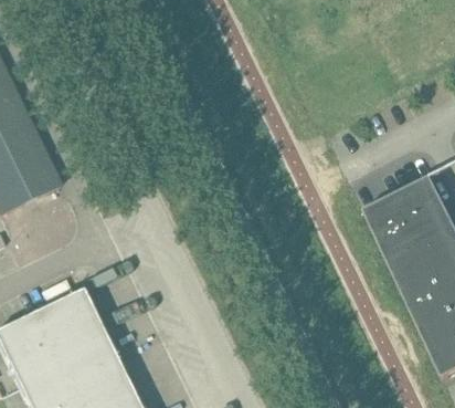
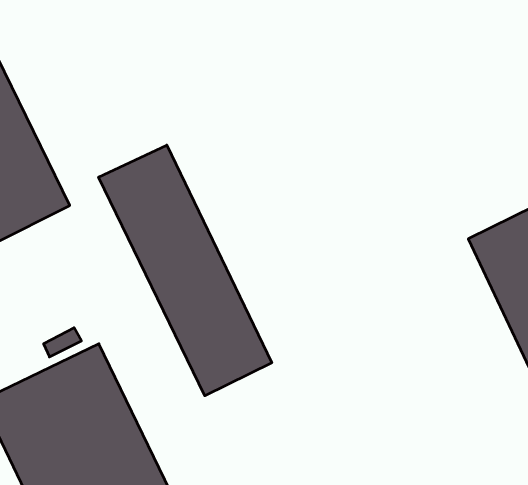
building: none -> [99,145,272,396]

